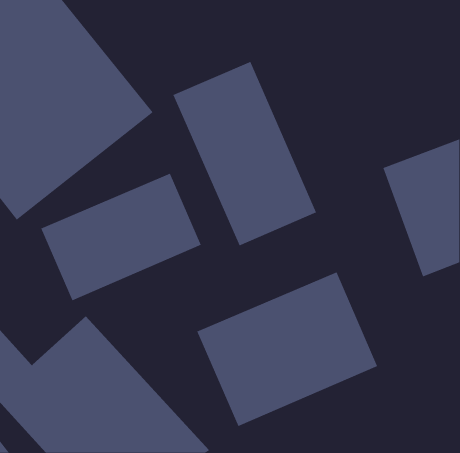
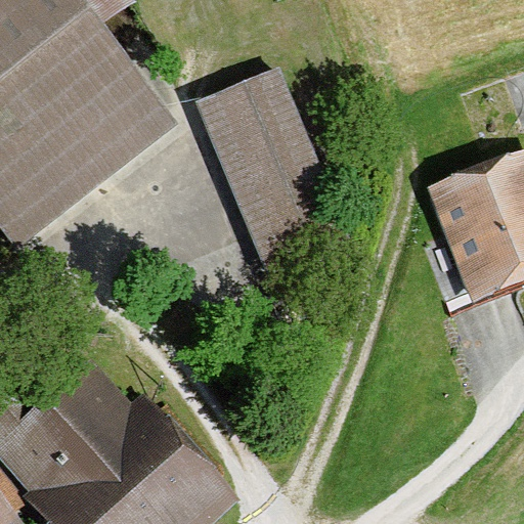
building: [40,173,202,301] -> none
building: [196,272,378,427] -> none

